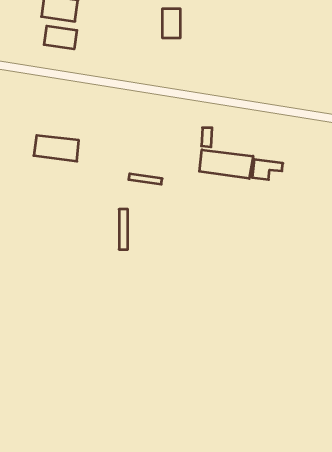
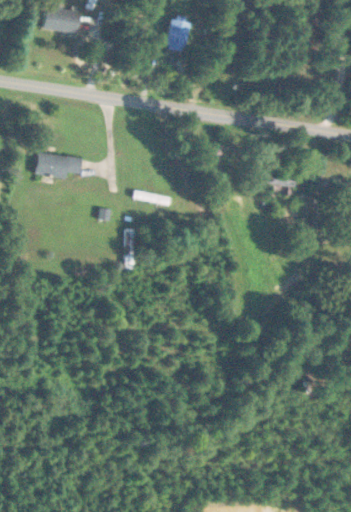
building: [44,26,77,49] -> none
building: [199,150,253,179] -> none

